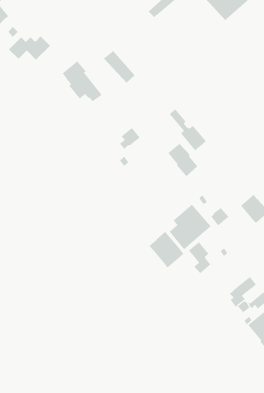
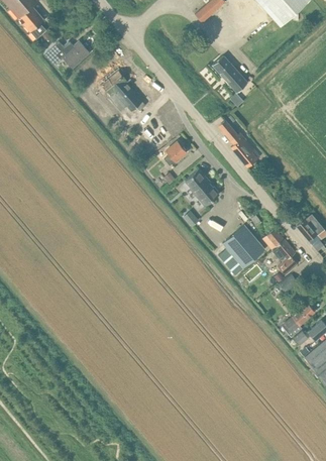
building: [103,50,136,84] -> [213,55,248,92]
building: [168,143,198,177] -> [186,169,219,207]
building: [148,231,184,269] -> none
building: [188,241,211,274] -> [273,239,298,274]

